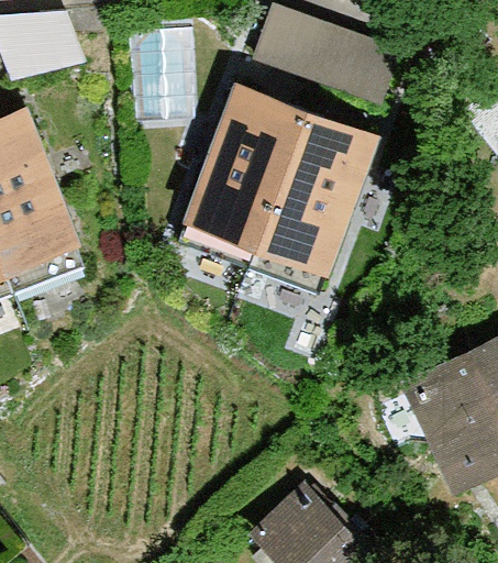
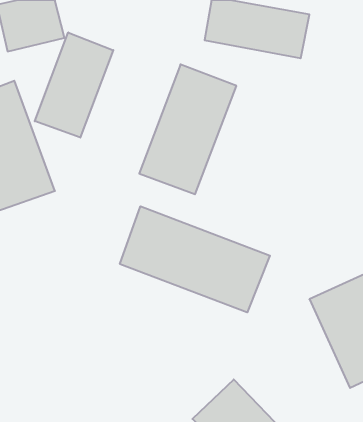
building: none -> [35,32,113,138]
building: [255,117,378,282] -> none
building: none -> [120,206,270,312]

